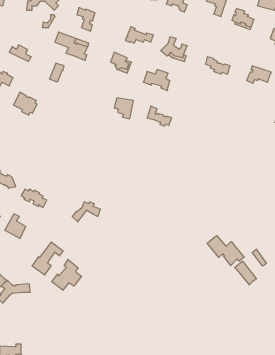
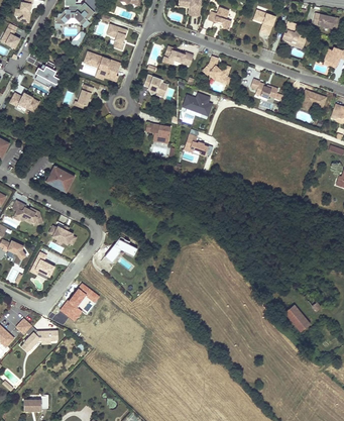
building: [13,92,37,115] -> [46,166,73,191]
building: [207,236,244,265] -> none
building: [52,259,81,290] -> none

